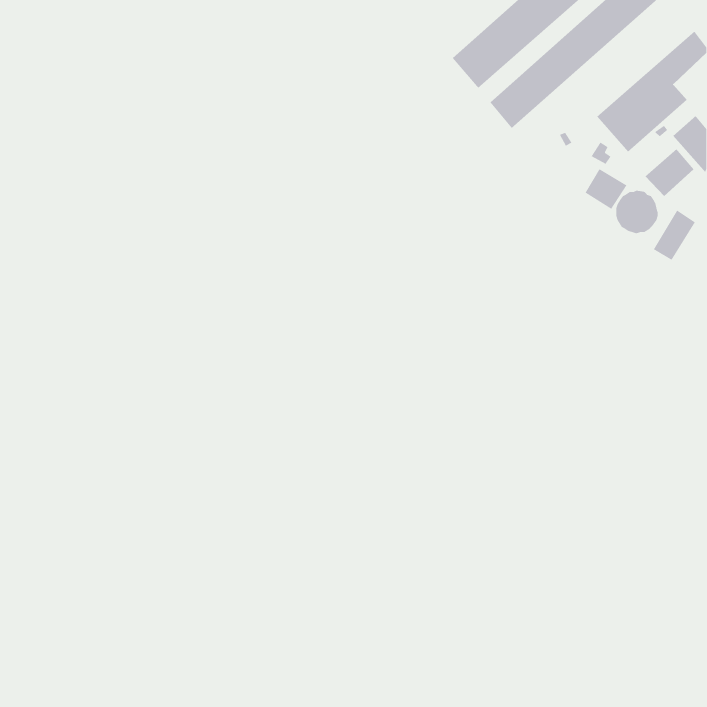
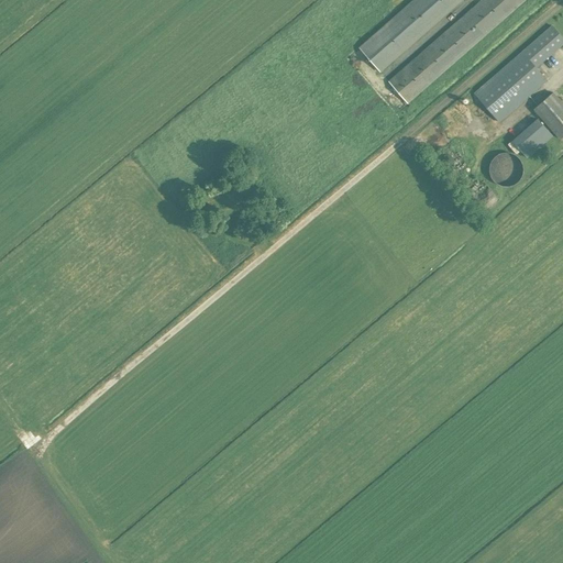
building: [585,168,627,210] -> none
building: [653,209,696,261] -> none

